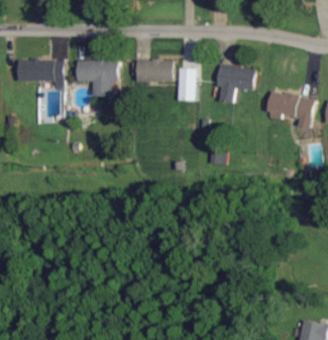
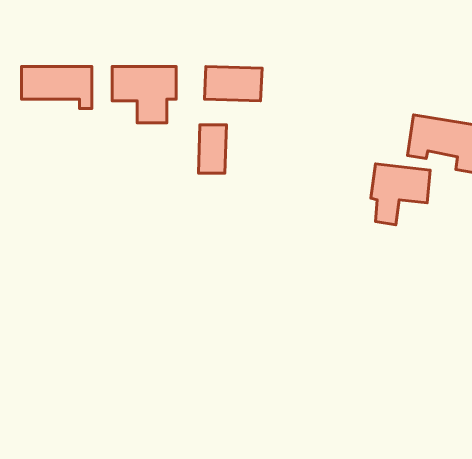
building: [216,65,254,104] -> [371,164,430,225]
building: [177,69,195,100] -> [198,125,227,173]

